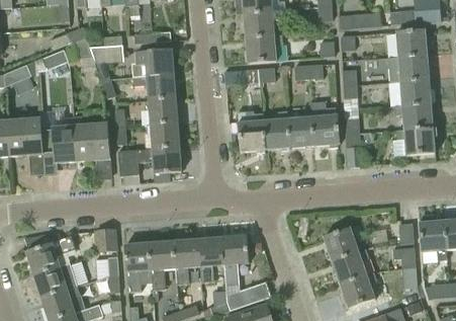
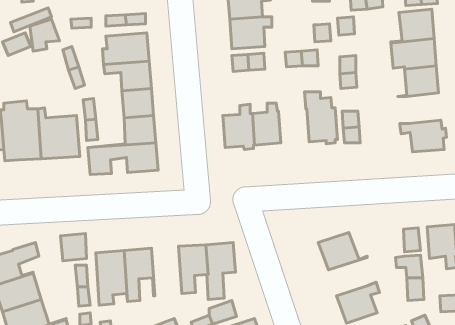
building: [394,102,433,130] -> none
building: [288,116,315,147] -> none
building: [175,233,202,284] -> none
building: [333,249,370,284] -> none

